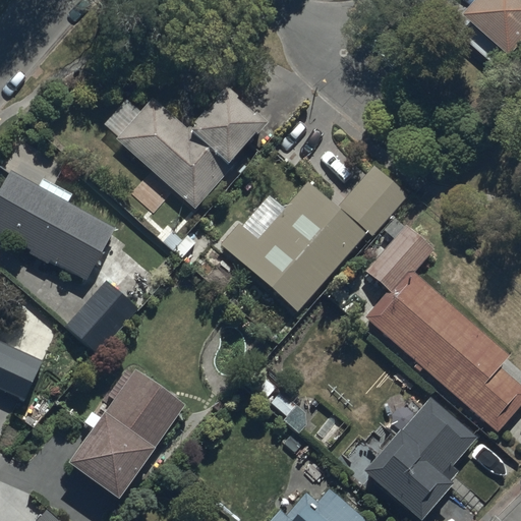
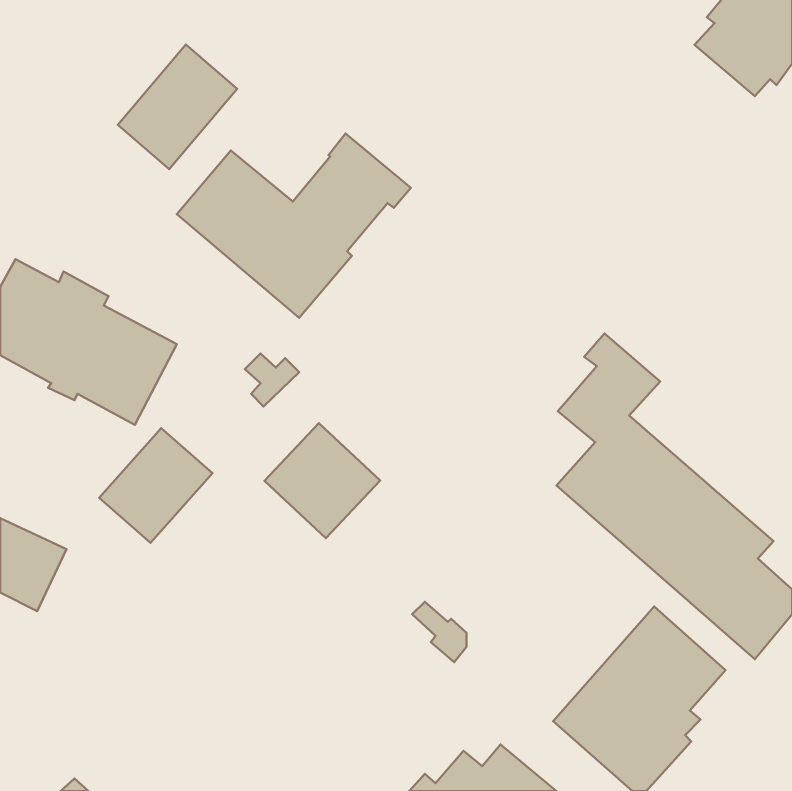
building: none -> [118,45,237,169]
building: [218,165,407,312] -> none
building: none -> [265,423,380,538]
building: [68,365,186,498] -> none

